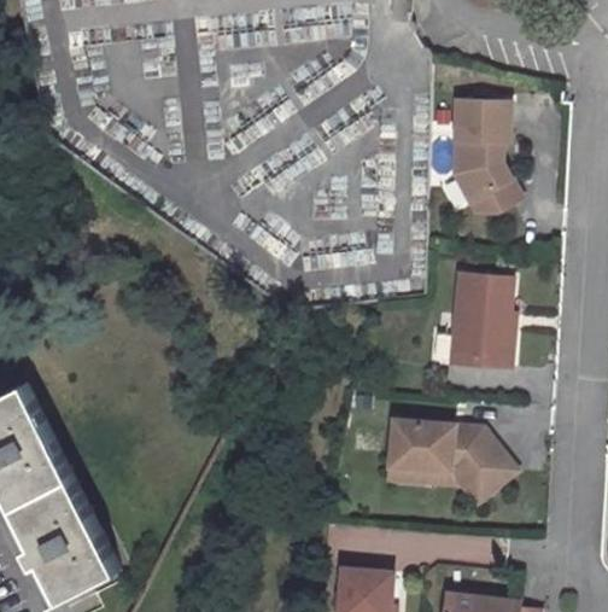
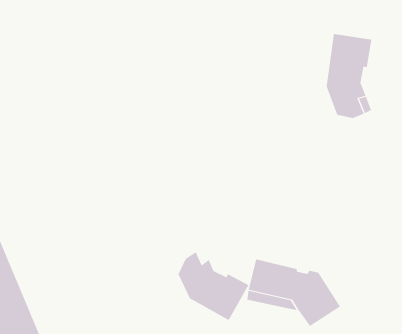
building: [449,273,510,367] -> none
building: none -> [178,251,249,321]

